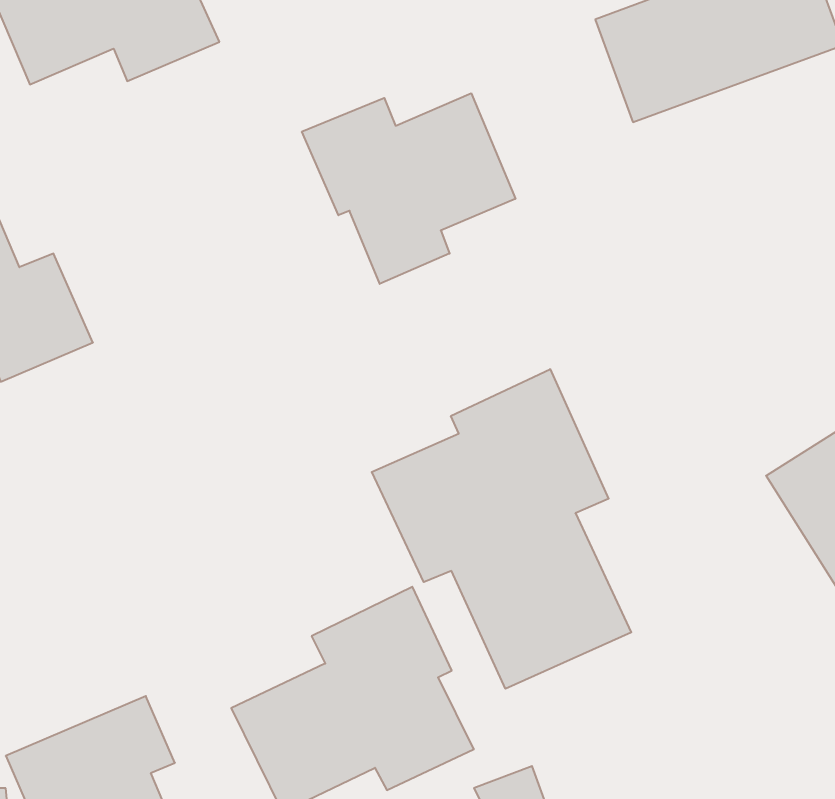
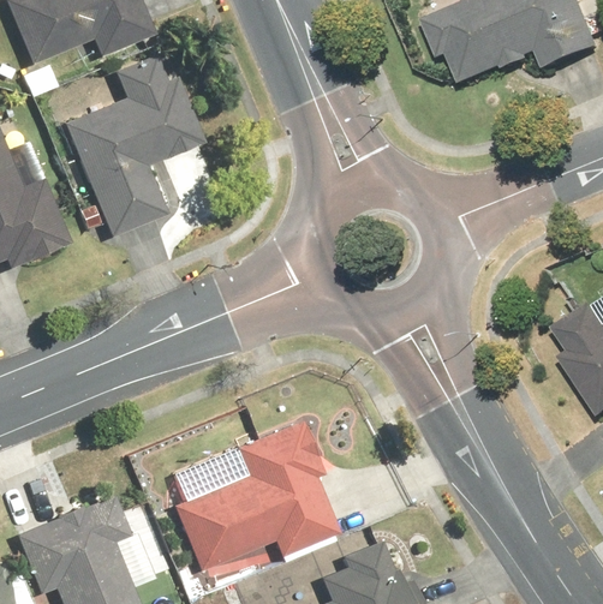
building: none -> [61,50,205,239]
building: [302,93,515,284] -> none
building: [372,369,631,689] -> none

